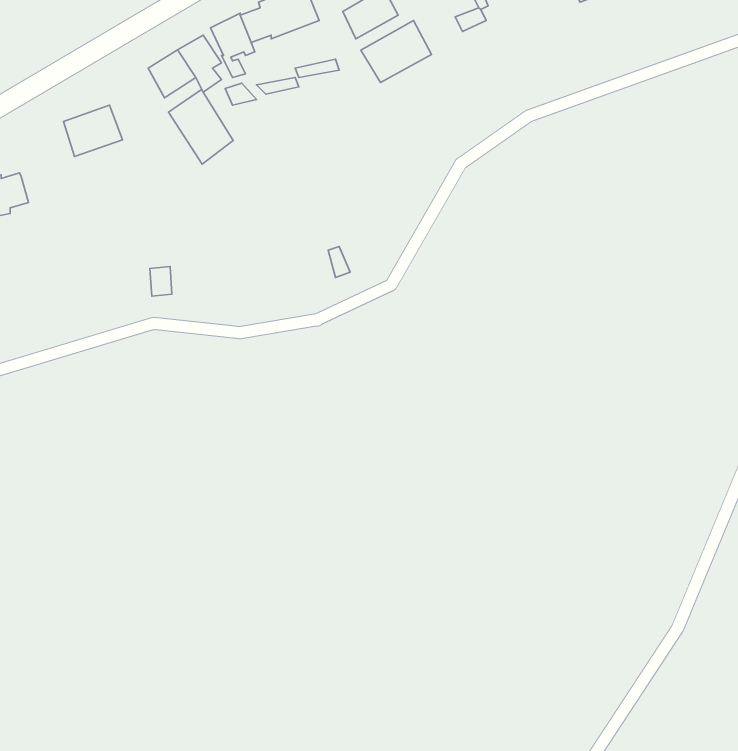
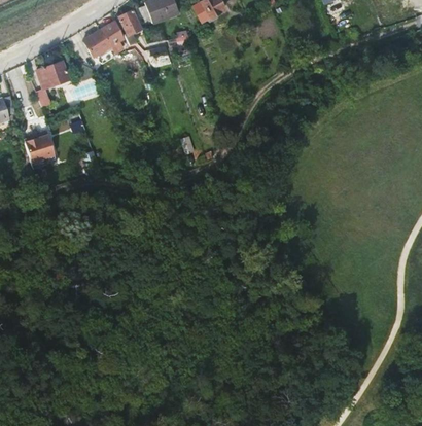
building: [361,21,432,83] -> none
building: [168,90,233,164] -> none
building: none -> [25,134,56,165]

